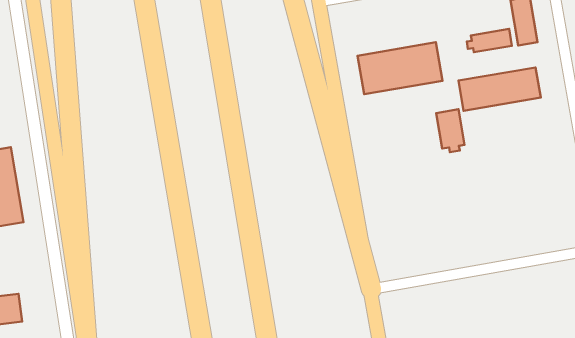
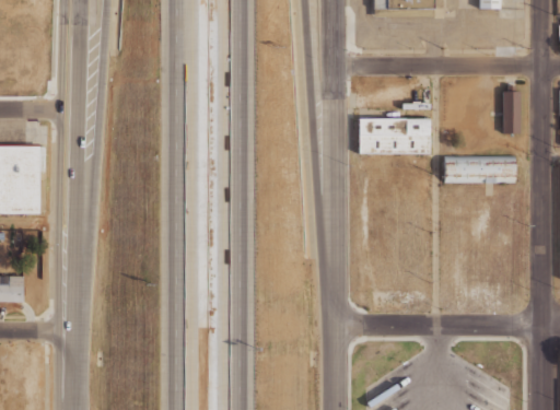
building: [467,29,512,52] -> none
building: [436,109,465,152] -> none

